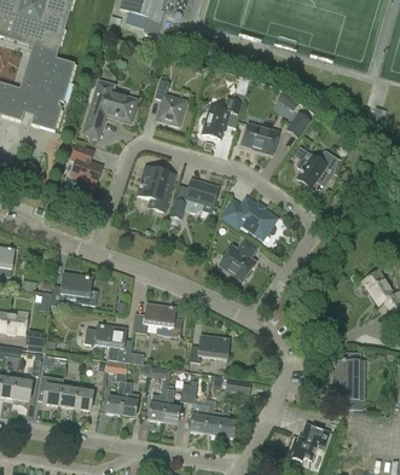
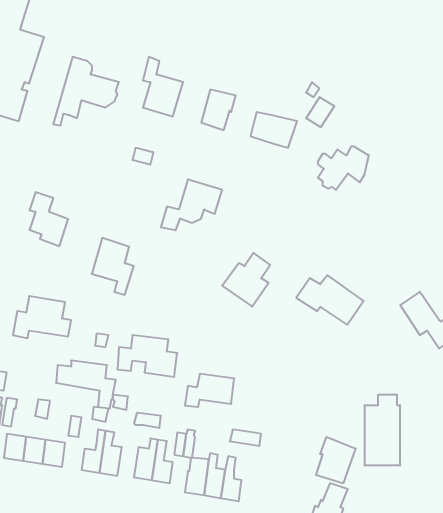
building: [70,144,102,187] -> [29,192,68,246]
building: [137,164,170,210] -> [92,238,134,295]
building: [221,197,276,237] -> [296,275,364,325]
building: none -> [316,437,356,483]

